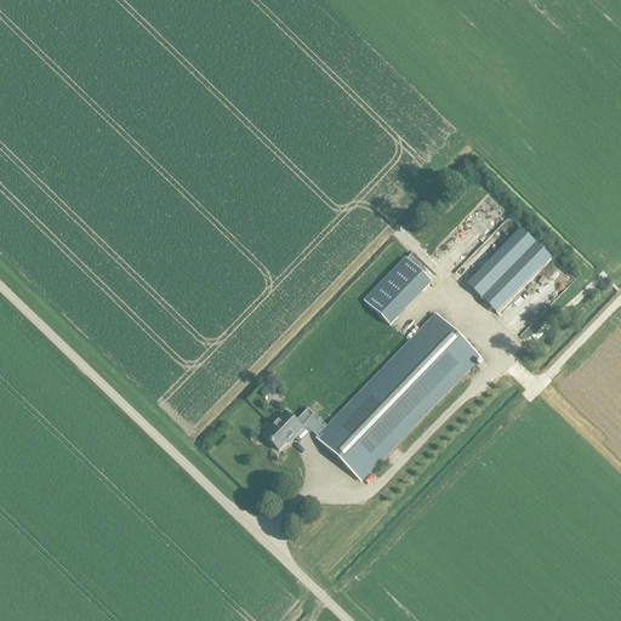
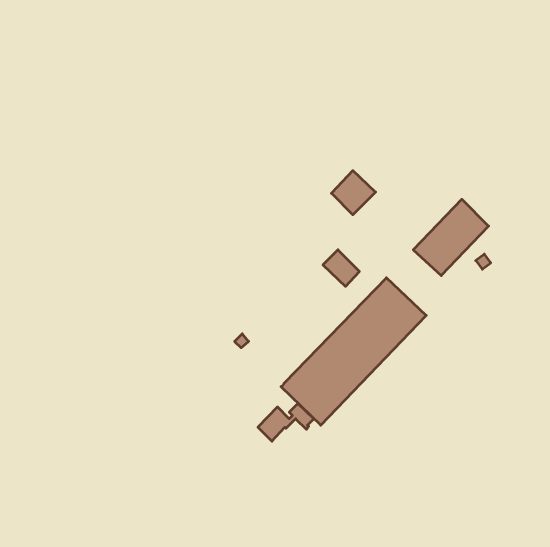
building: [381,256,431,306] -> [331,171,376,215]
building: [263,406,326,449] -> [258,404,314,441]

